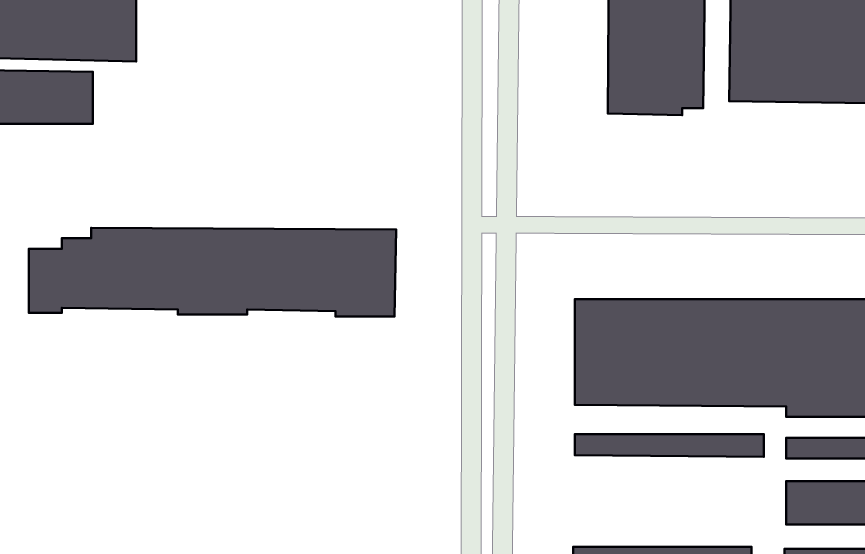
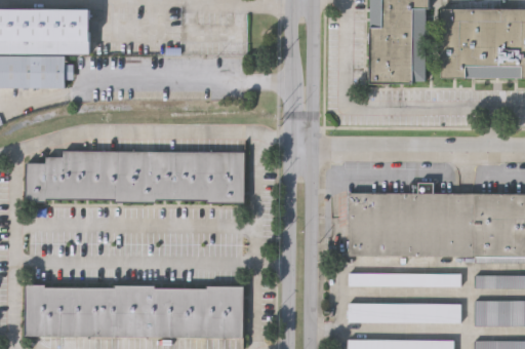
building: none -> [27,284,243,338]
building: none -> [350,303,461,322]

